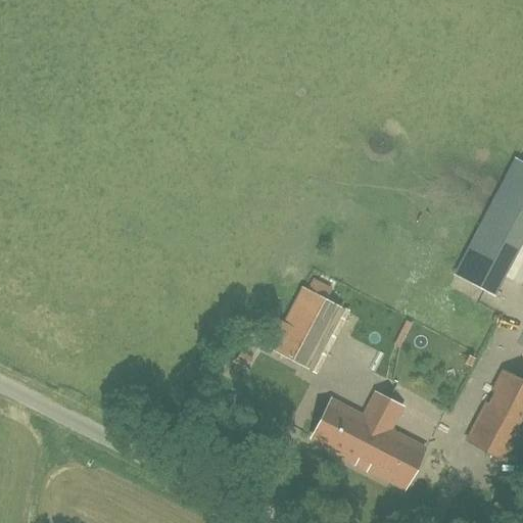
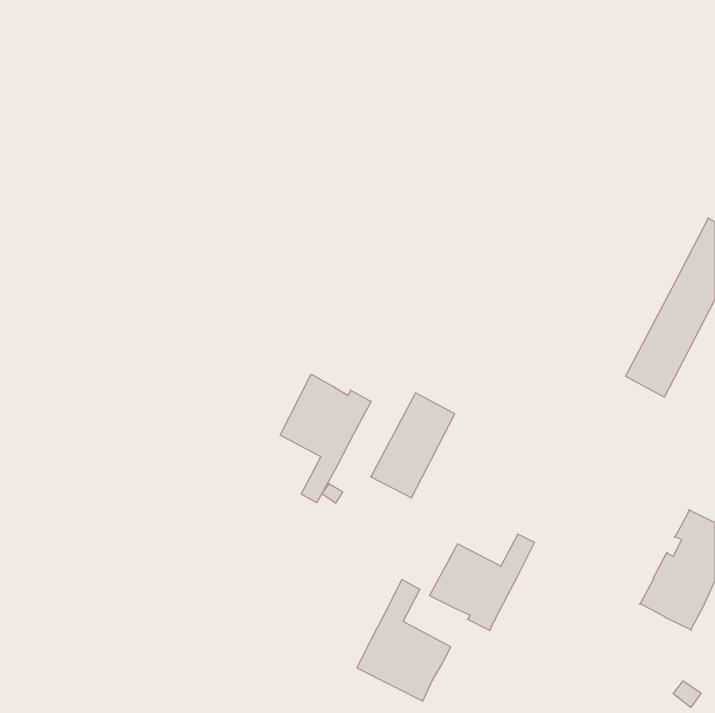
building: none -> [280,374,371,503]
building: [358,396,426,485] -> [357,580,451,701]

